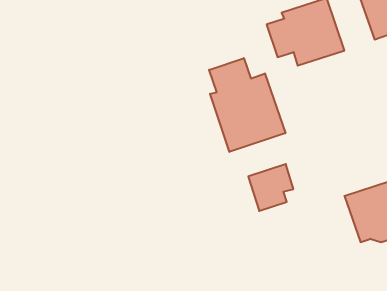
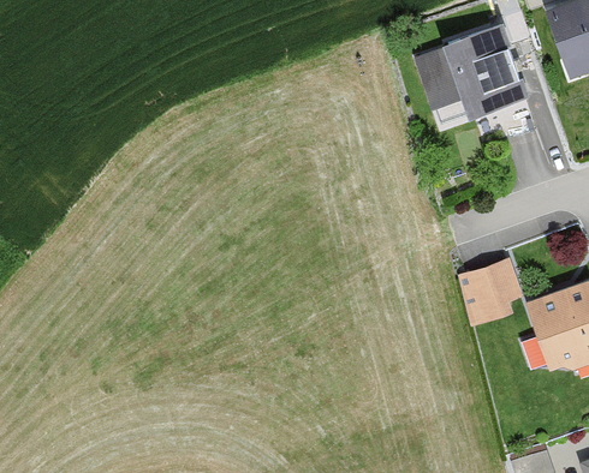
building: [209,58,285,152] -> none
building: [248,164,293,211] -> [458,259,523,327]

